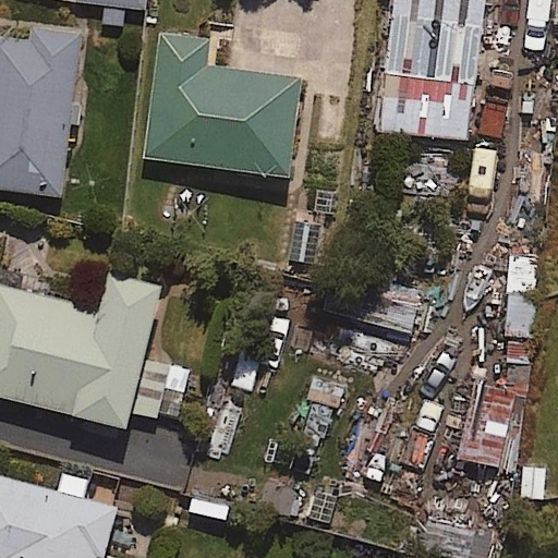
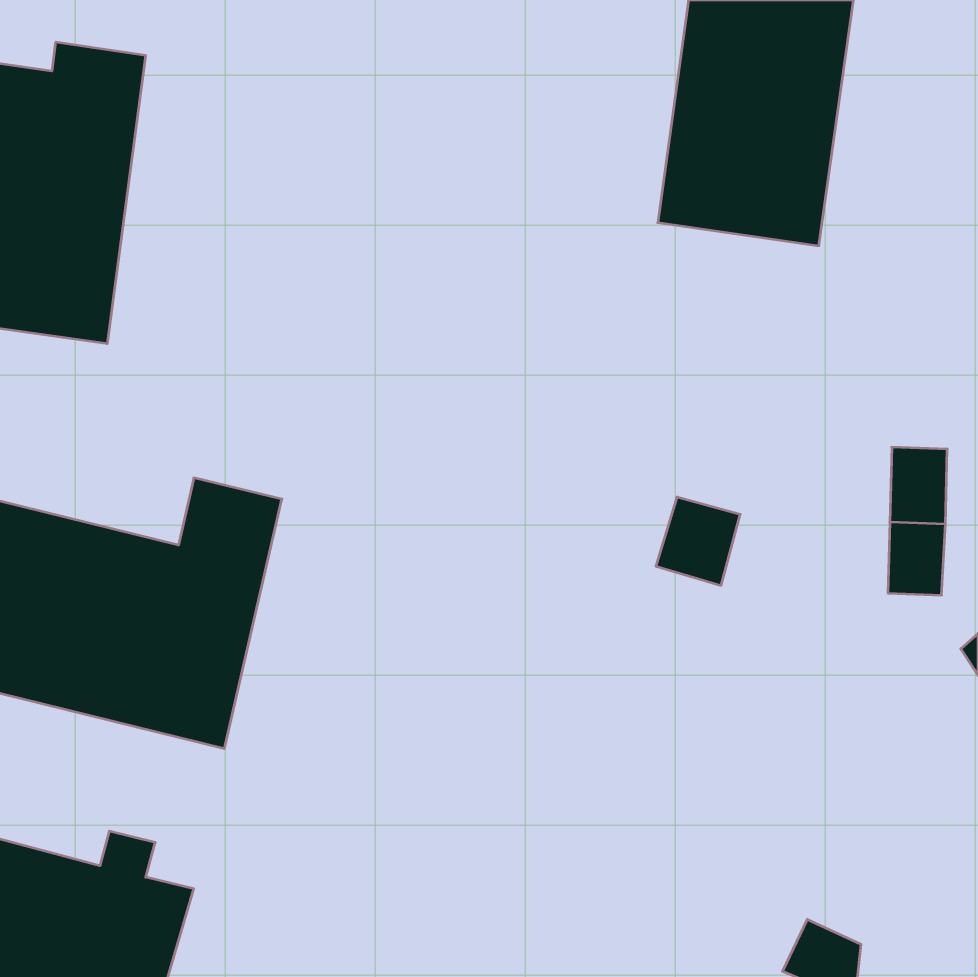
building: [144,33,301,175] -> none

